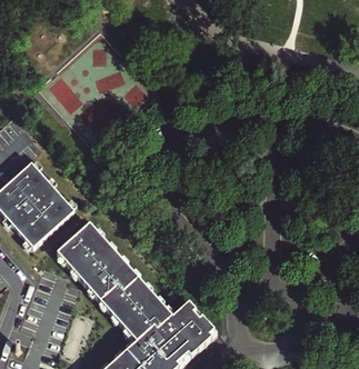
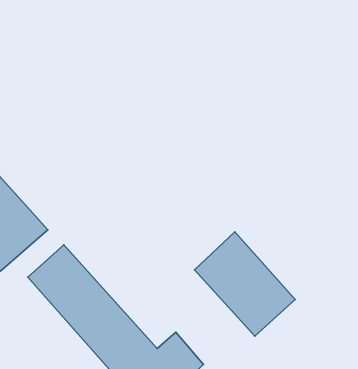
building: none -> [194,232,295,336]

